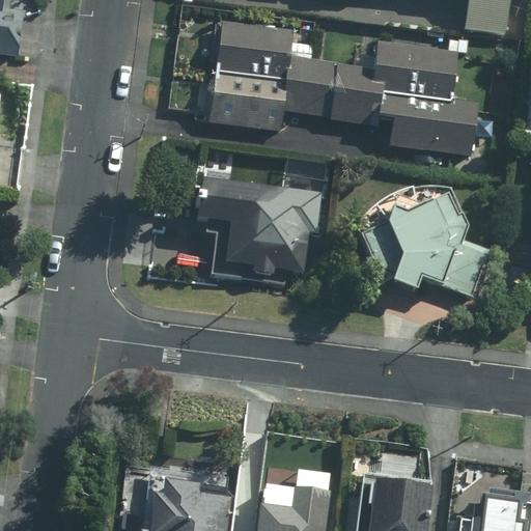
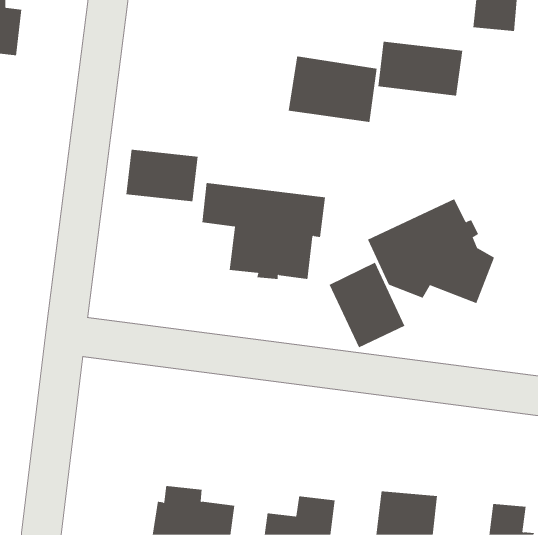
building: [217,21,291,77] -> none
building: [213,77,284,129] -> [126,149,198,202]
building: [383,94,477,153] -> none
building: none -> [329,262,405,348]

